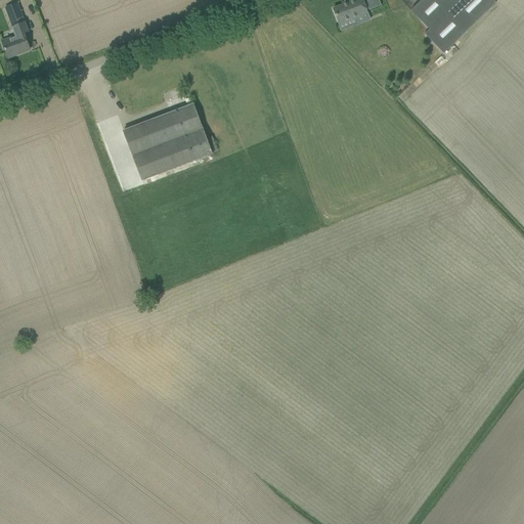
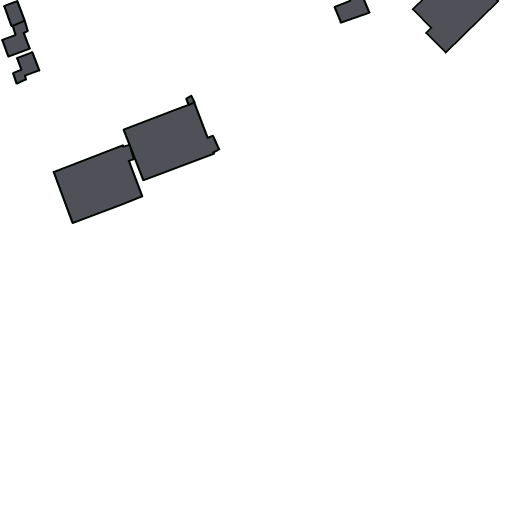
building: none -> [13,52,39,84]
building: none -> [54,145,142,223]

